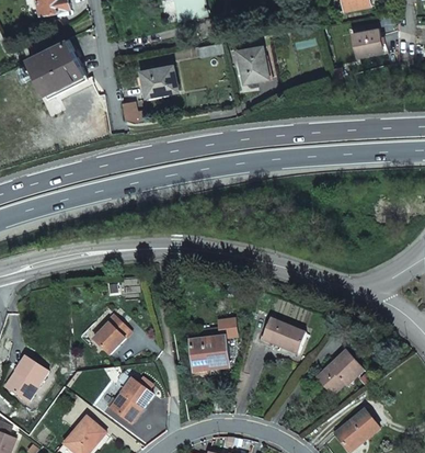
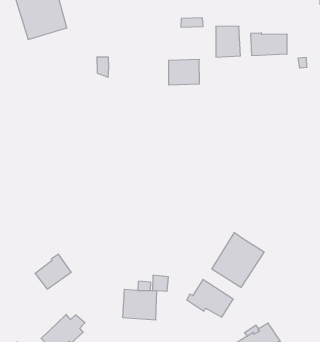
building: none -> [251,33,287,56]
building: [140,66,176,98] -> [168,59,199,85]
building: none -> [212,232,264,287]

